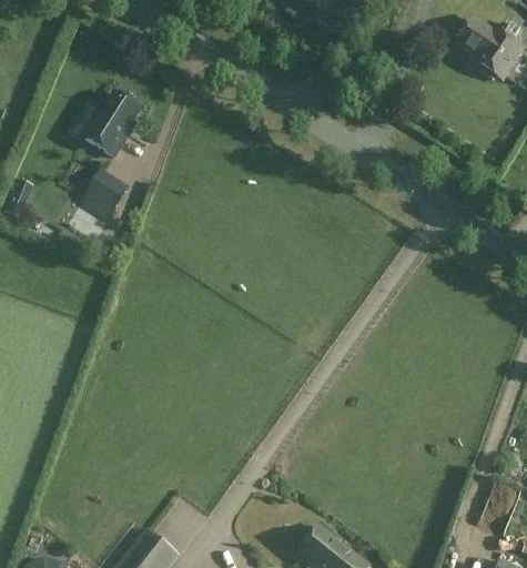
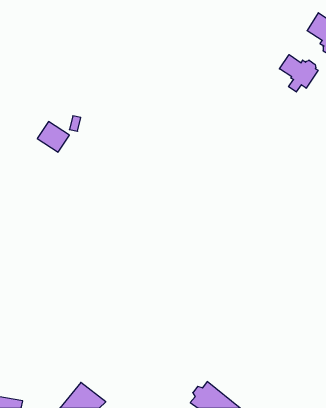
building: none -> [279,55,318,92]
building: [88,98,140,159] -> none

